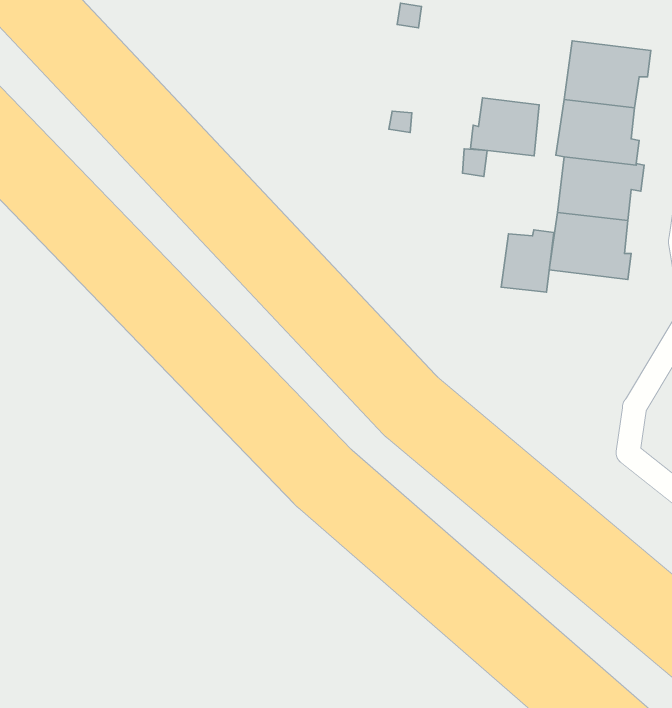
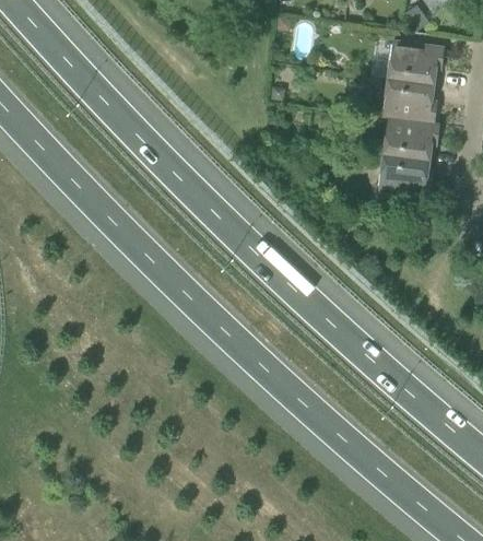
building: [471,98,539,156] -> none
building: [501,230,554,292] -> none

